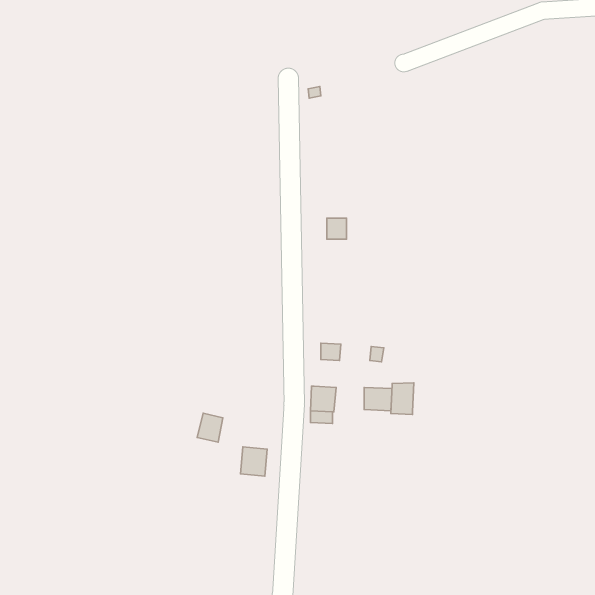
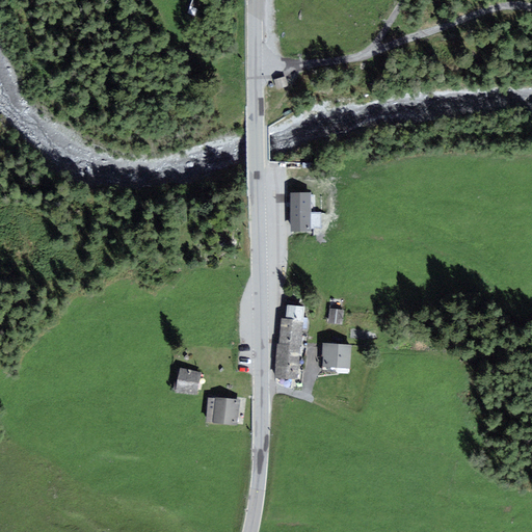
building: none -> [291,213,319,230]
building: none -> [280,320,302,346]
building: [391,383,414,415] -> none

